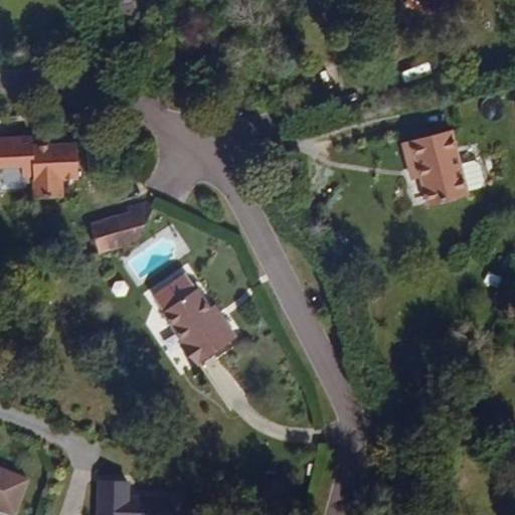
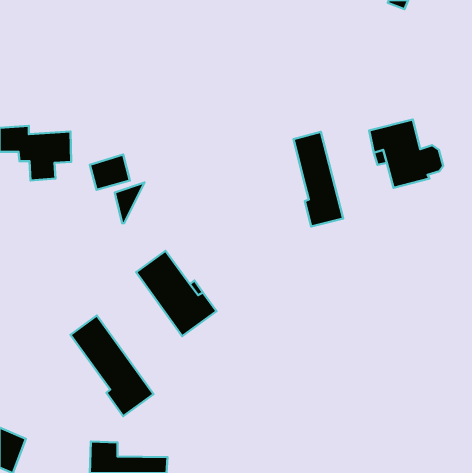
building: none -> [293,132,343,227]
building: [90,214,133,252] -> [90,155,130,190]
building: none -> [71,316,154,416]

